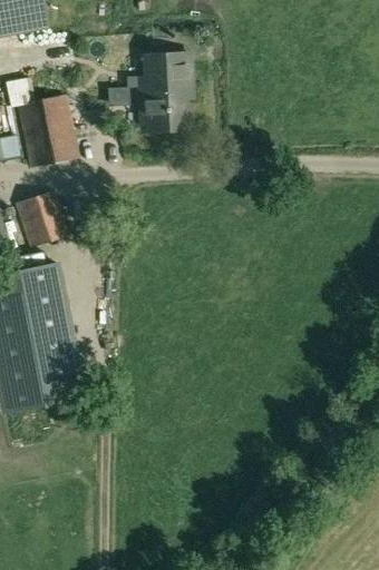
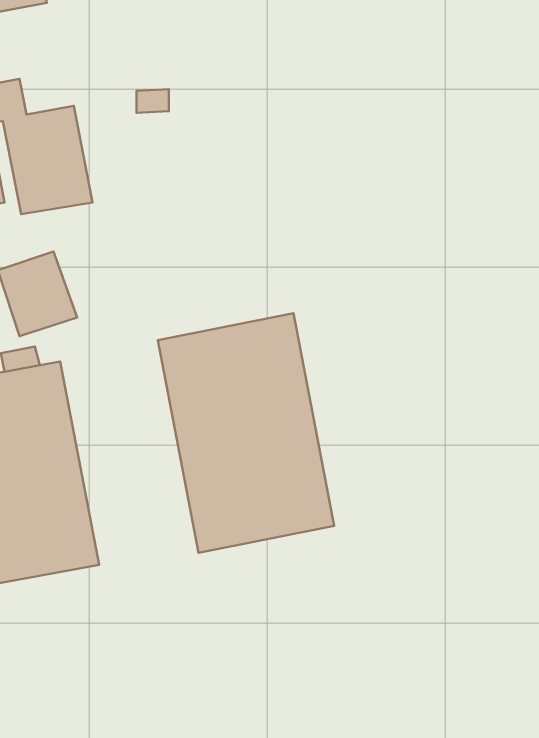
building: [139,53,191,131] -> none
building: none -> [158,313,334,553]

